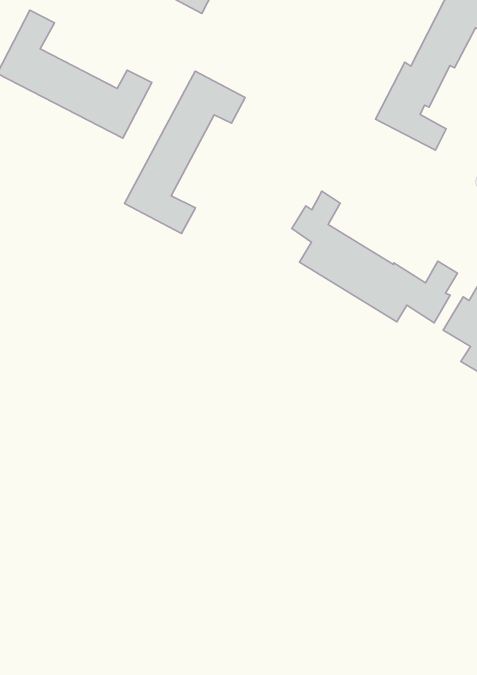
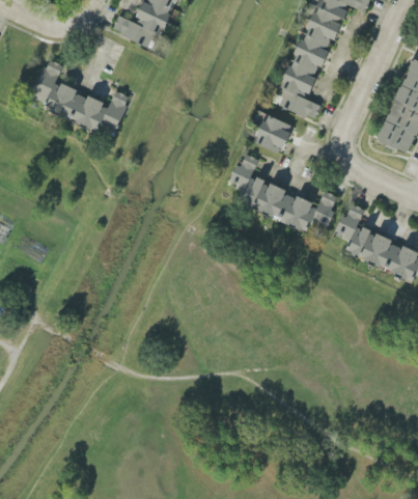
building: [124,71,245,233] -> none
building: none -> [254,114,292,153]

